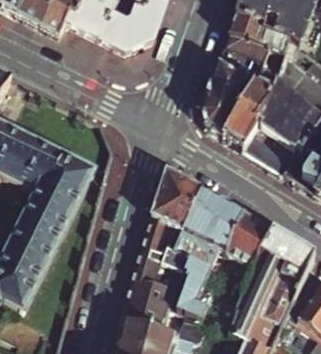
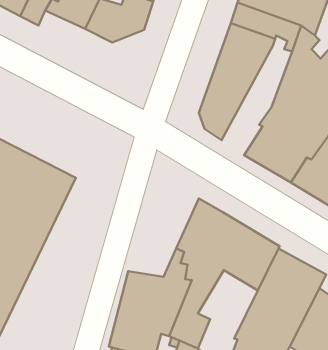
building: [221,52,284,149] -> none
building: [139,168,201,256] -> none

